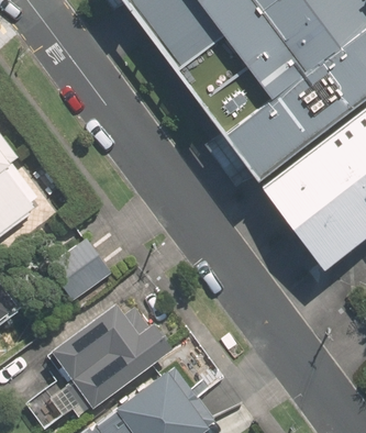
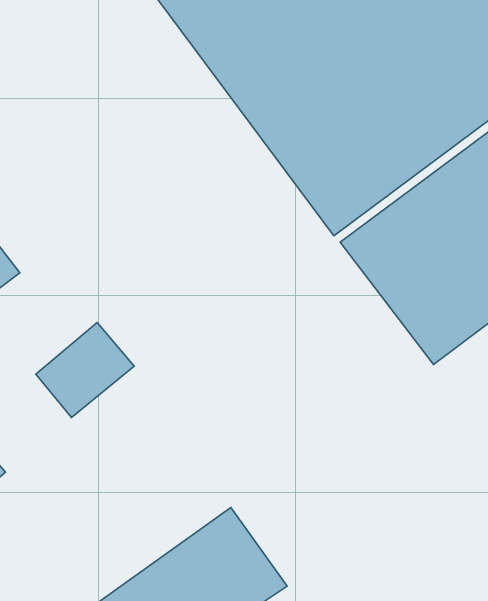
building: [35,302,184,423] -> none

